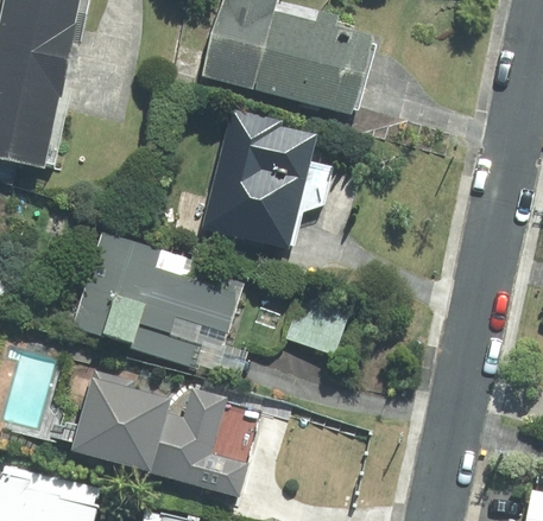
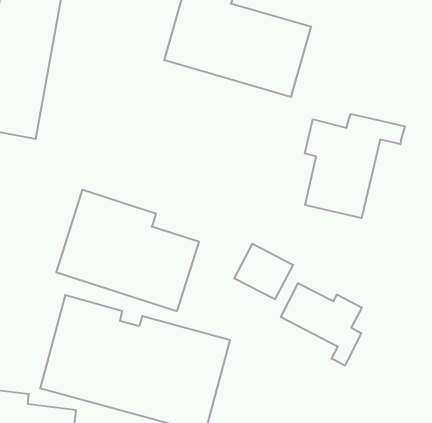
building: [196,112,339,255] -> none
building: none -> [305,114,405,218]
building: none -> [281,283,362,366]

